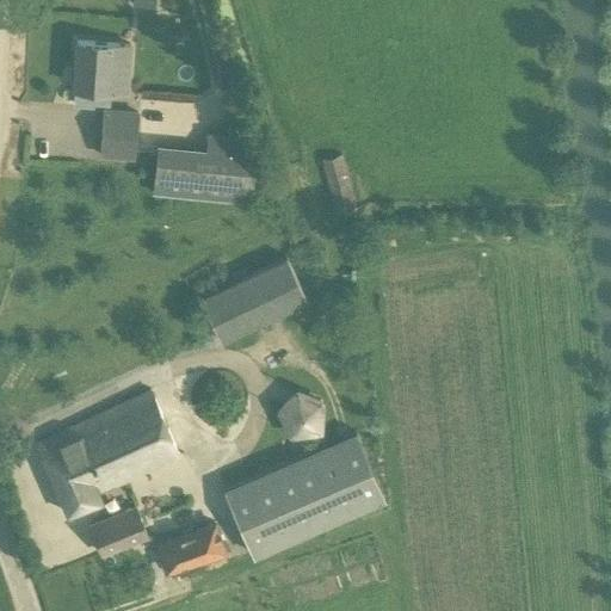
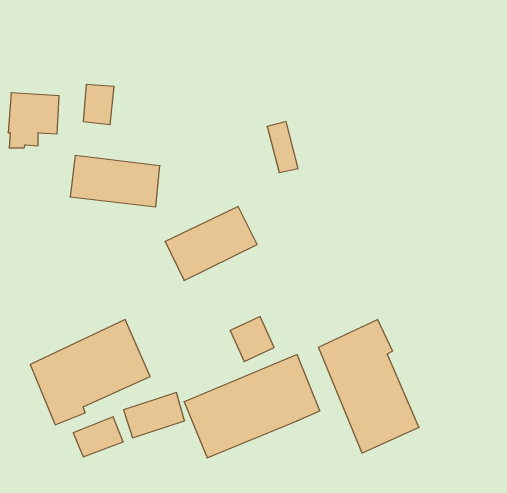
building: [72,43,132,109] -> [8,93,59,148]
building: [159,143,266,204] -> [70,156,160,207]
building: none -> [319,319,419,453]
building: [154,523,227,576] -> [124,393,185,438]

